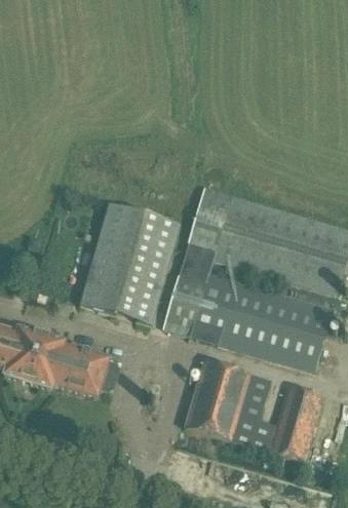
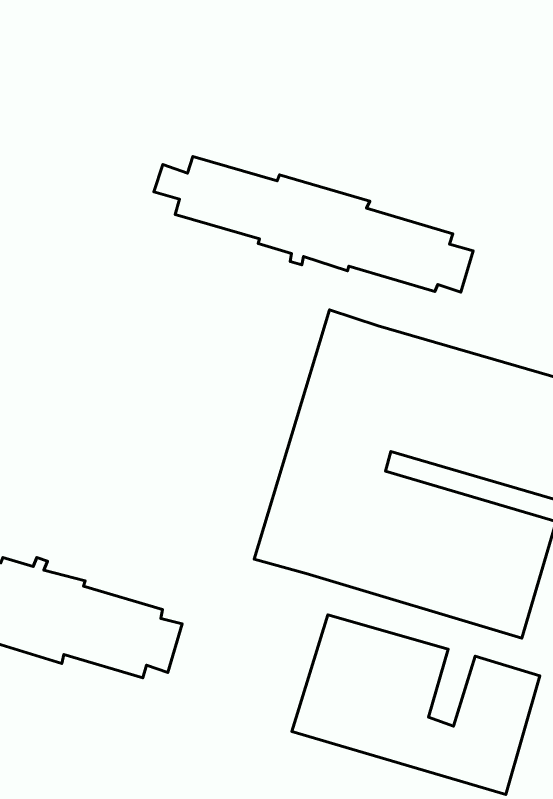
building: none -> [154,156,473,292]
building: [80,203,180,324] -> none

